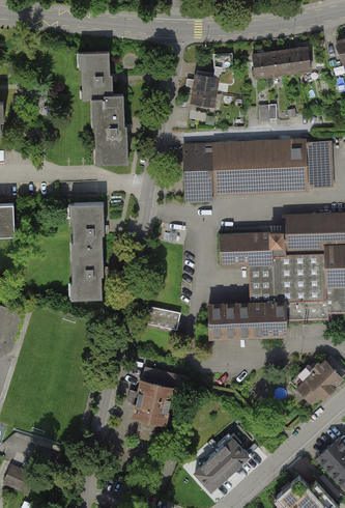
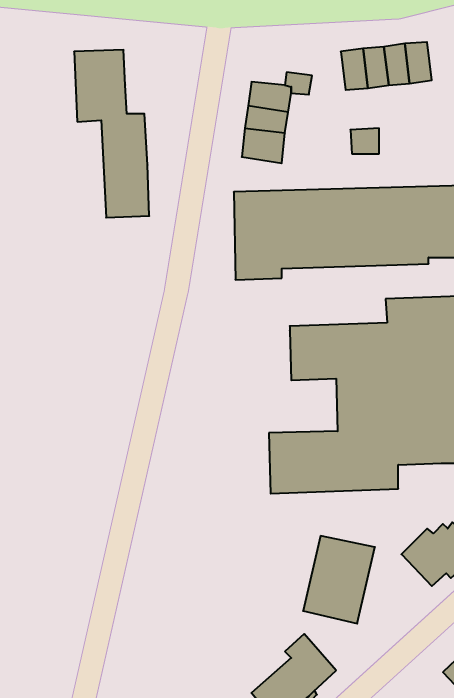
building: [69,203,104,297] -> none
building: [146,307,179,335] -> none
building: [132,369,178,426] -> [303,536,375,624]

